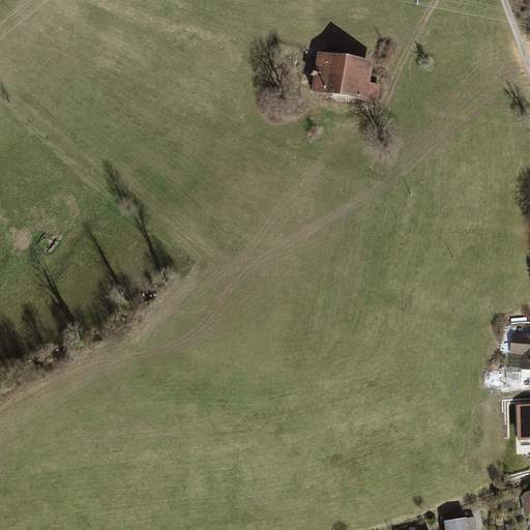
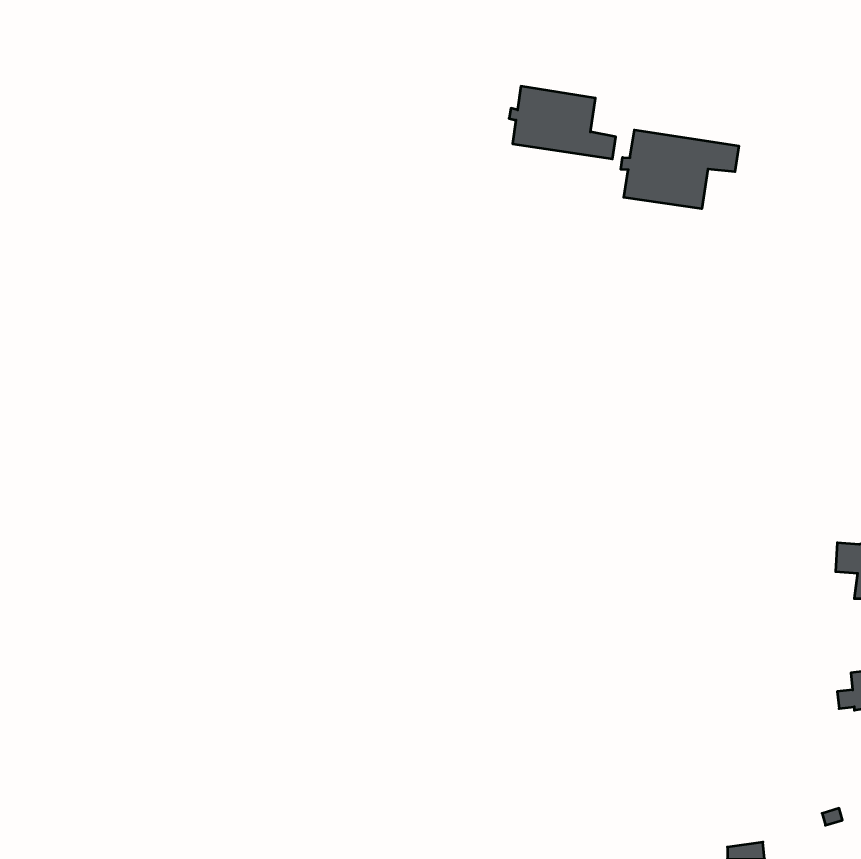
building: none -> [621,130,739,209]

